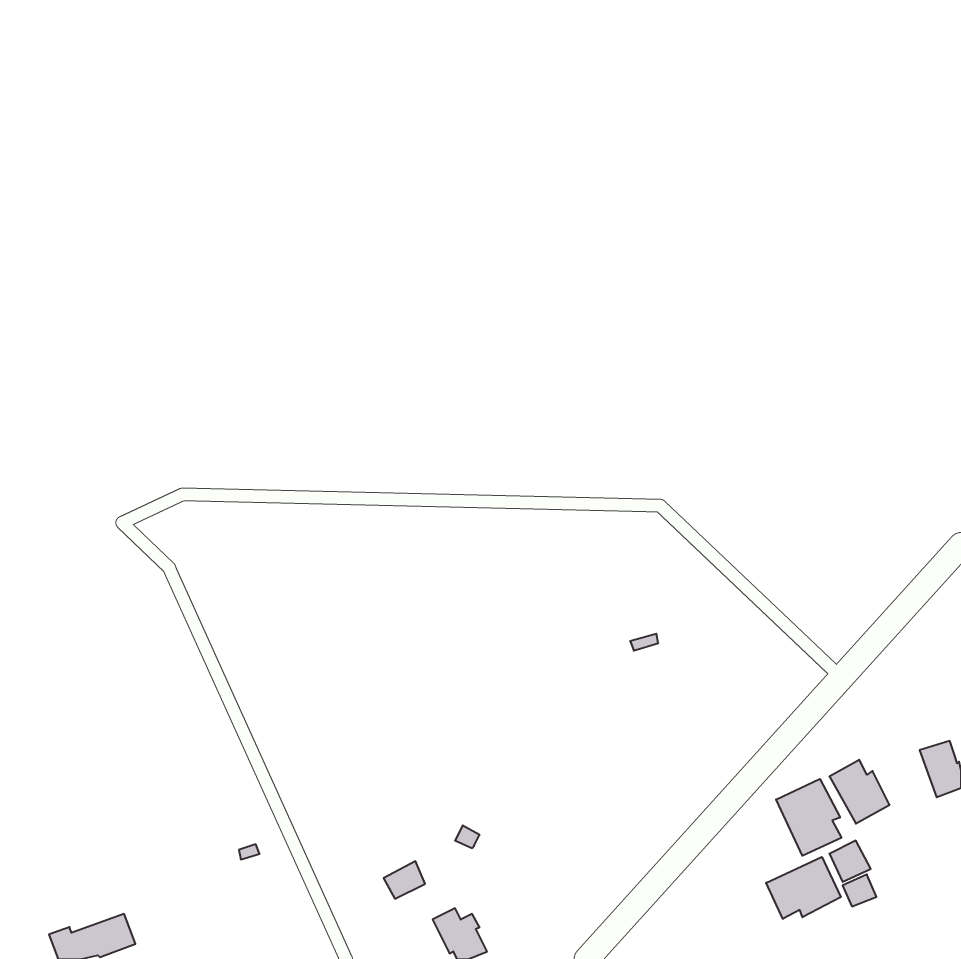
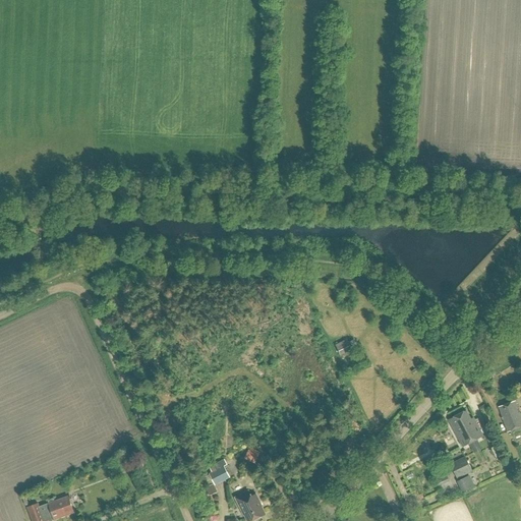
building: [776,779,841,856] -> none
building: [766,857,841,919] -> none

